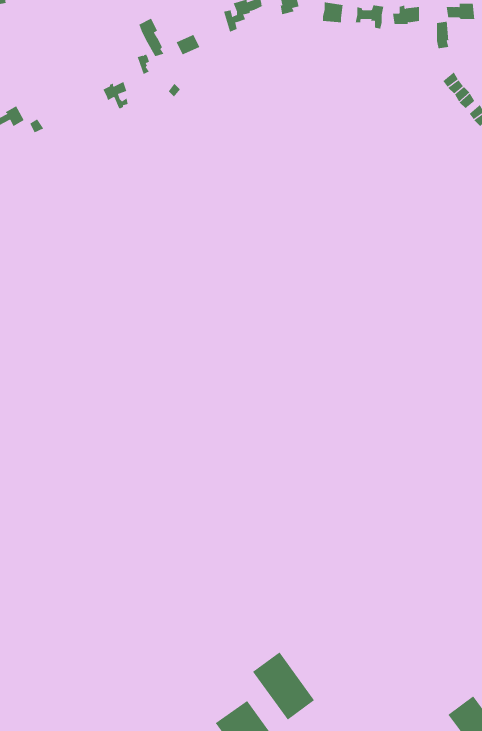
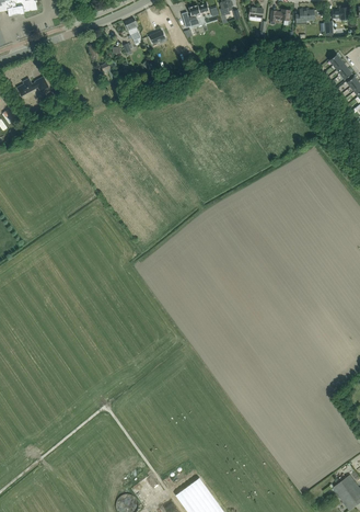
building: [252,651,315,721] -> none

